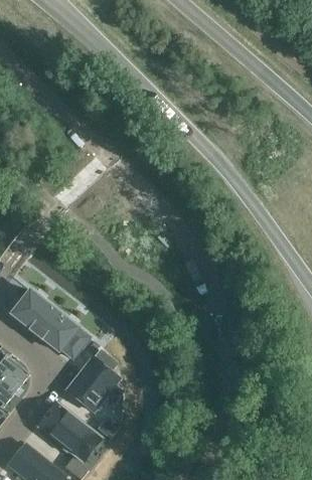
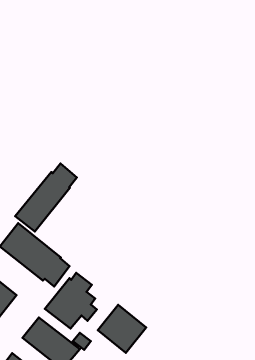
building: none -> [15,163,77,231]
building: none -> [98,305,146,353]

